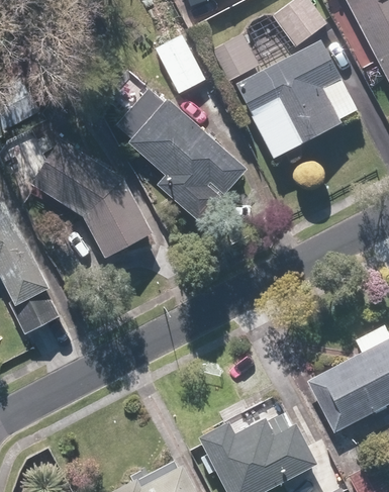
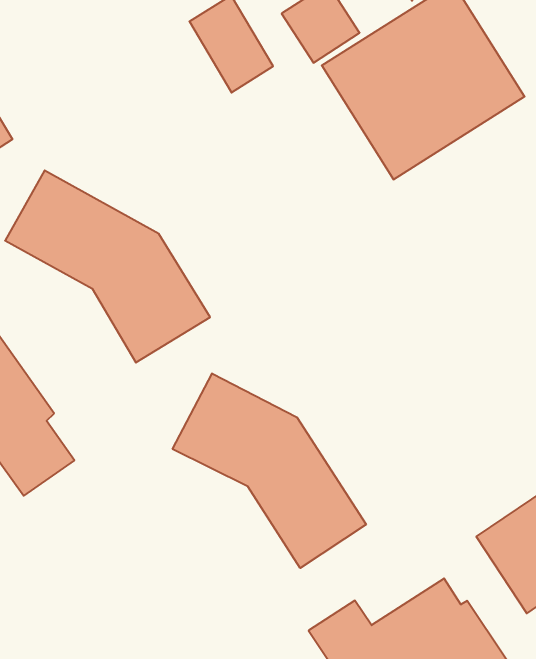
building: [104,74,247,222] -> none
building: none -> [173,373,366,568]

